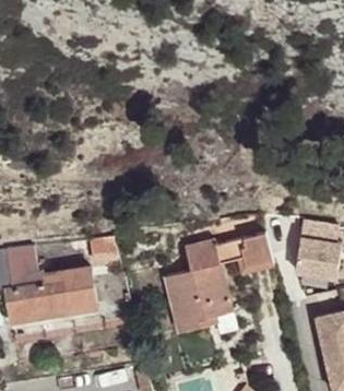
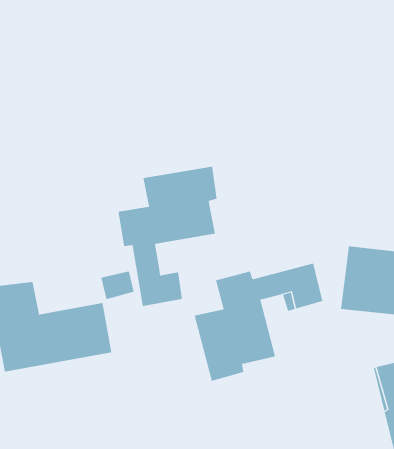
building: none -> [118,166,217,307]

